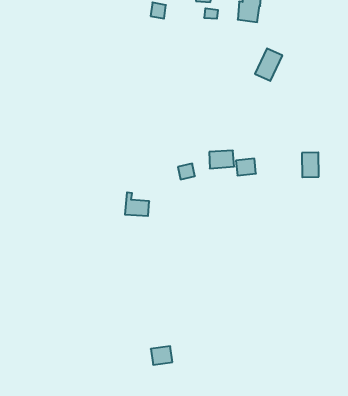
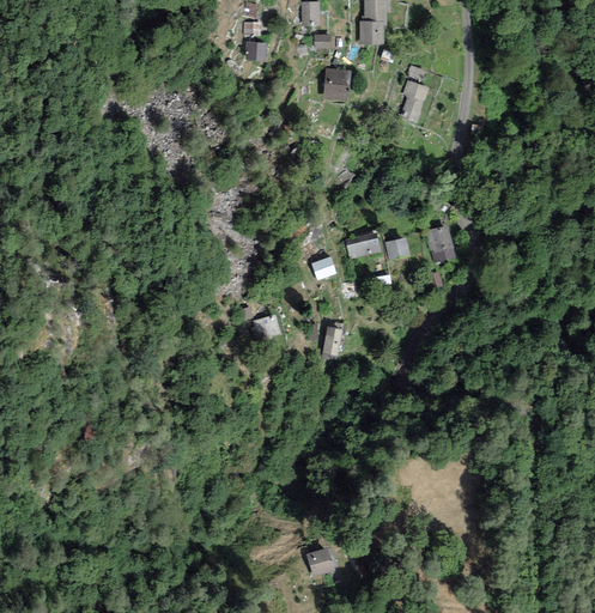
building: none -> [327,74,356,102]
building: [302,152,319,177] -> [423,223,450,260]
building: none -> [321,326,347,358]
building: [151,346,172,365] -> [303,547,335,576]

